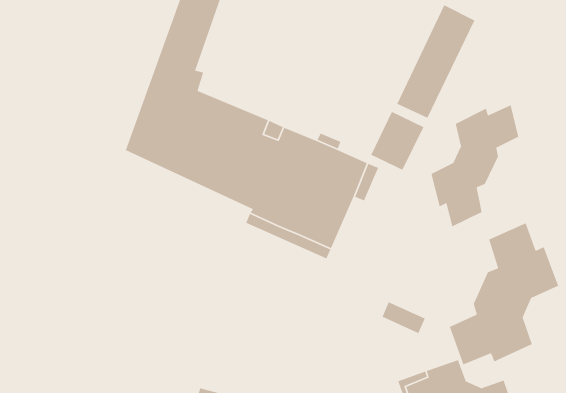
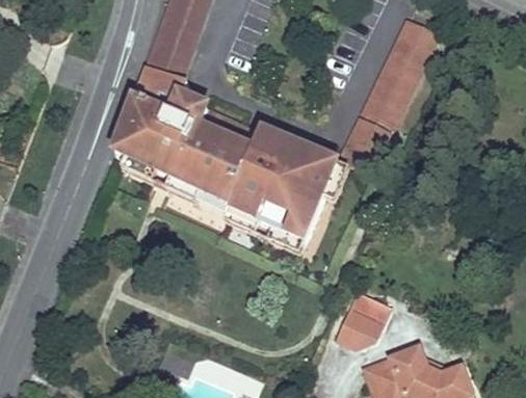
building: [431,104,519,228] -> none
building: [449,222,559,366] -> none
building: none -> [336,304,385,344]

